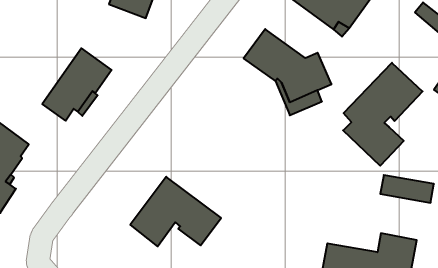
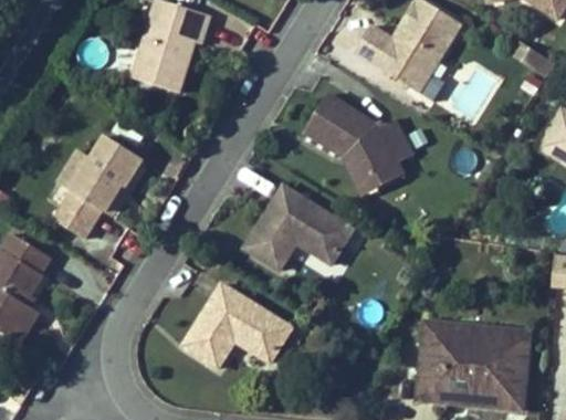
building: [343,63,423,166] -> none
building: none -> [242,183,352,269]
building: [380,175,434,203] -> [422,323,486,351]

